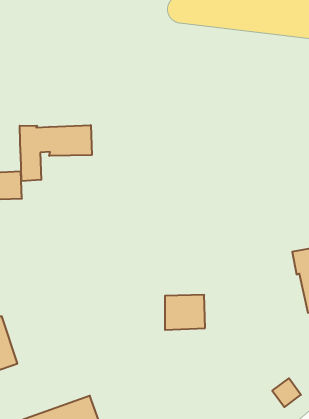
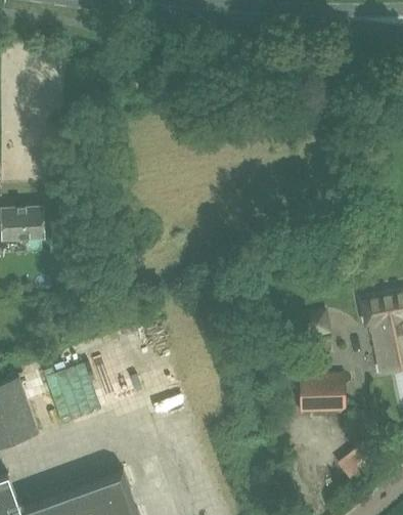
building: [20,125,92,181] -> none
building: [165,295,205,330] -> [298,374,345,415]

